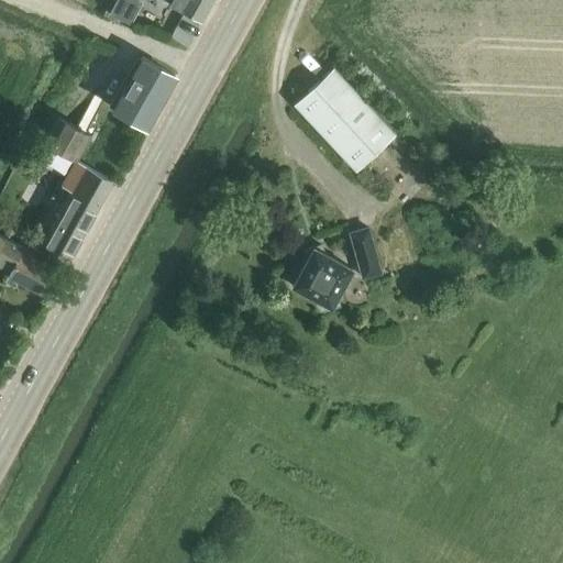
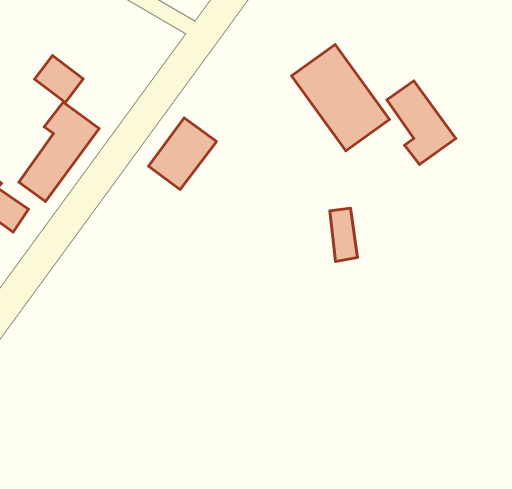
building: [112,58,175,129] -> [148,118,216,190]
building: none -> [387,81,456,165]
building: [290,247,354,313] -> none

